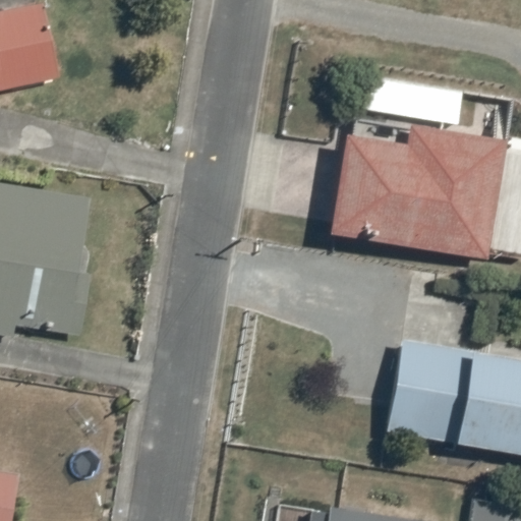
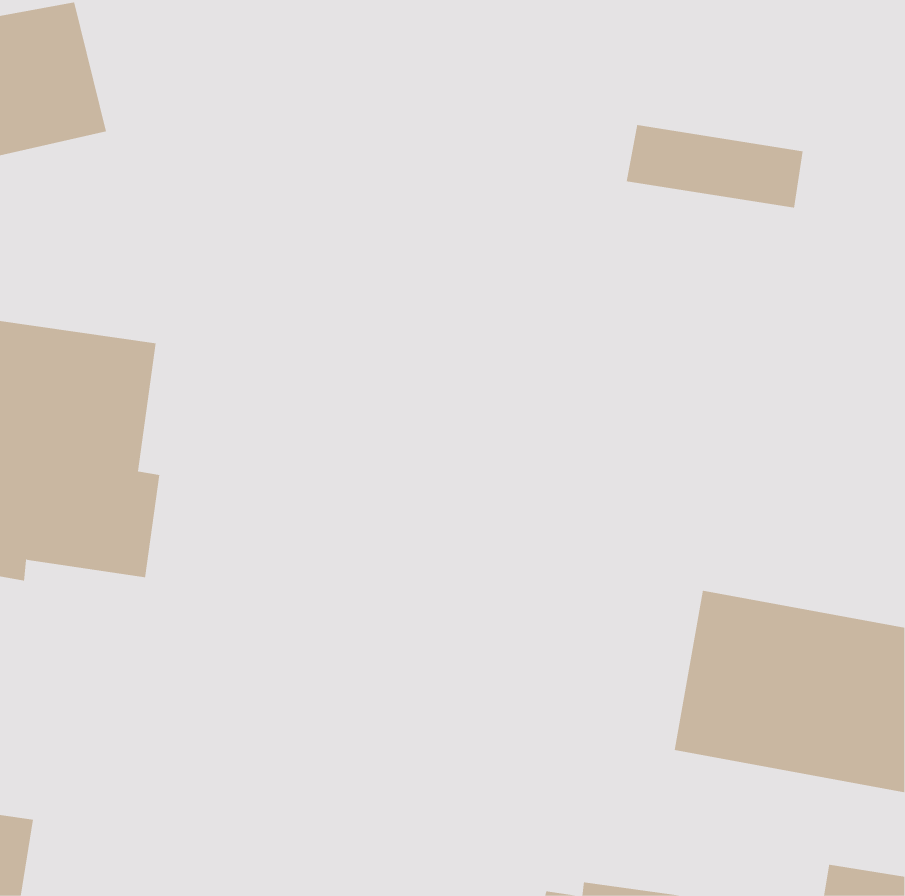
building: [333,126,506,258] -> none

